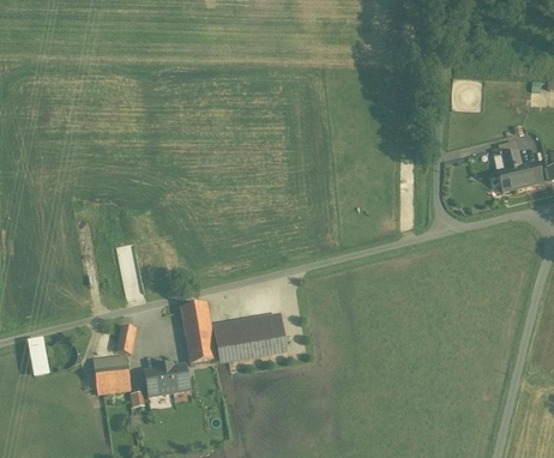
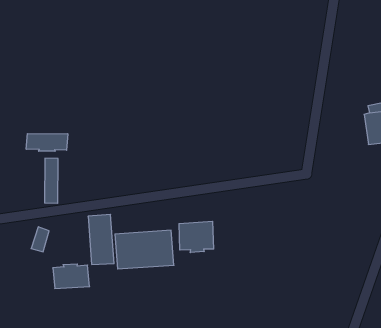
building: none -> [26,134,68,151]
building: none -> [179,221,214,253]
building: [94,358,131,392] -> none

